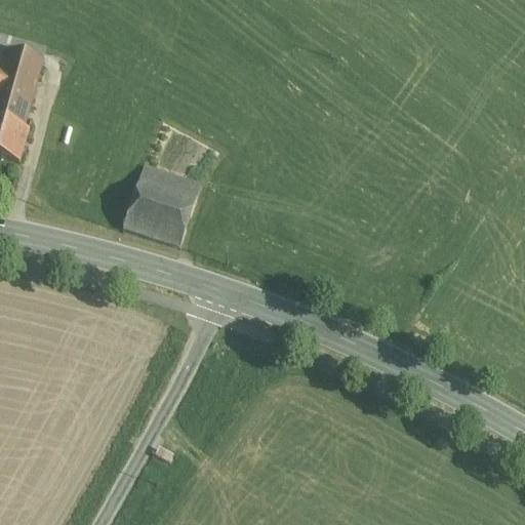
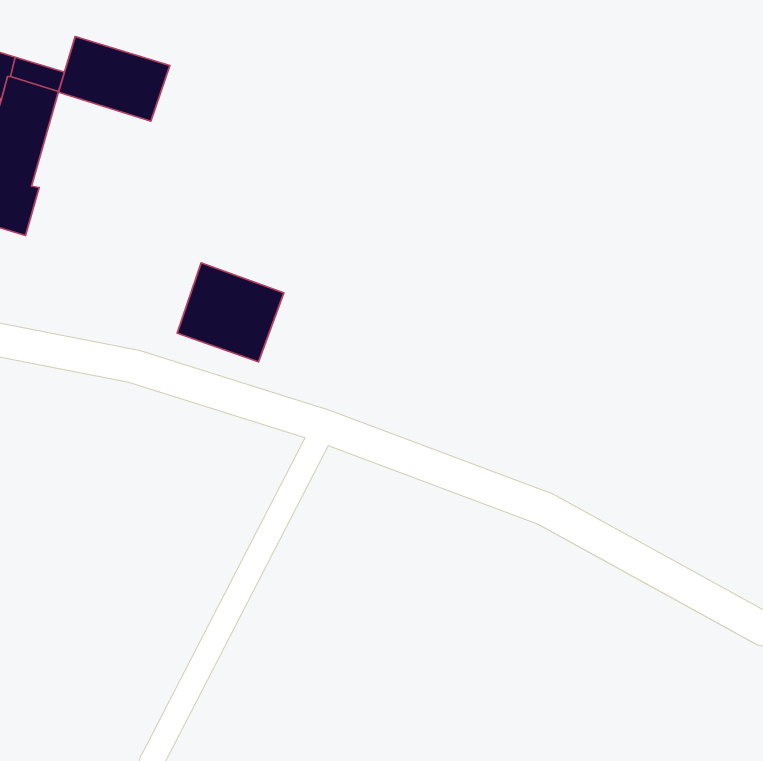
building: none -> [59,37,170,121]
building: [137,164,199,200] -> none

